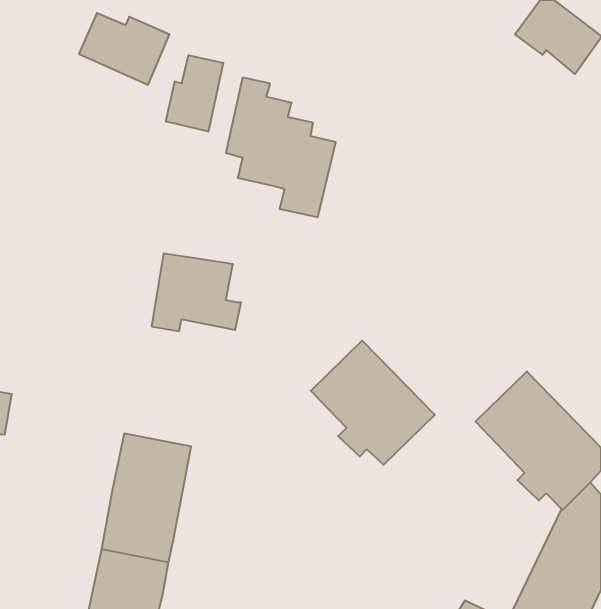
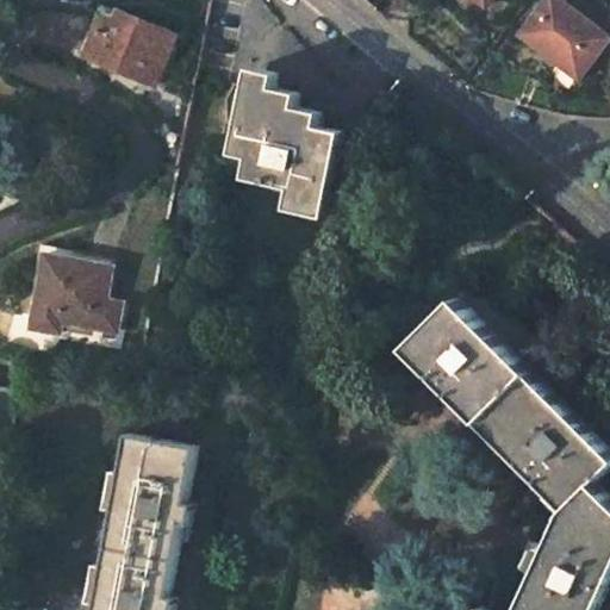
building: [166,55,223,132] -> none
building: [152,254,241,331] -> [25,255,114,332]
building: [311,341,435,465] -> [402,298,525,422]

